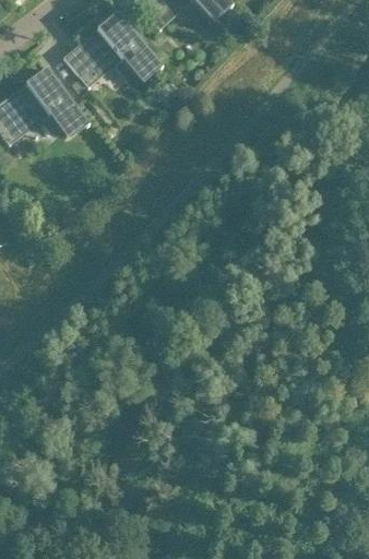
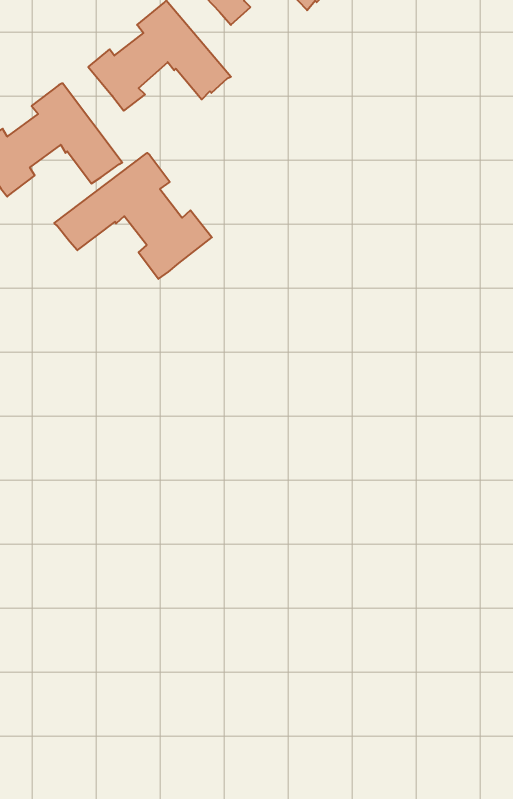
building: none -> [54,153,212,279]

